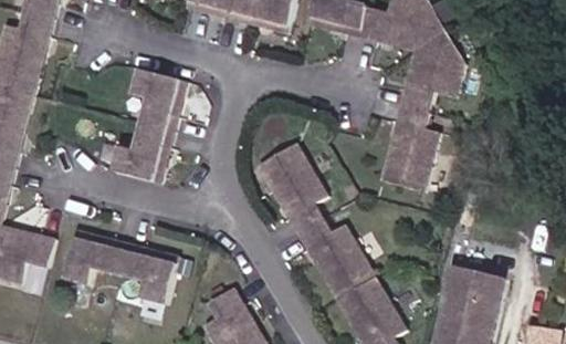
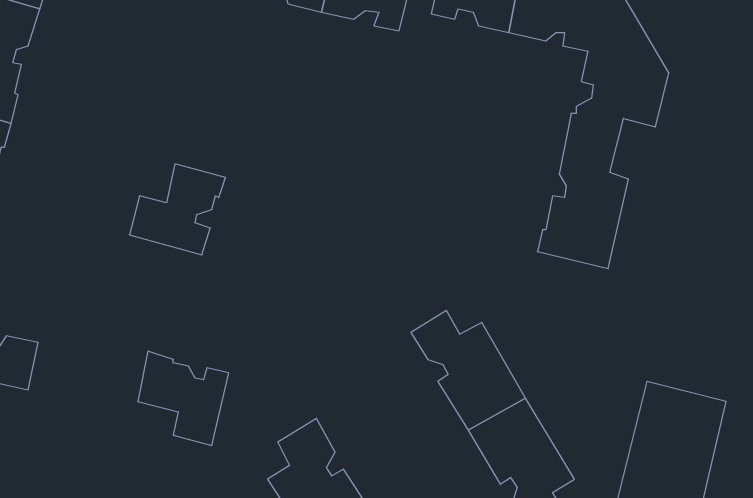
building: [133,67,187,131] -> none
building: [256,145,325,232] -> none
building: [63,232,124,286] -> none

